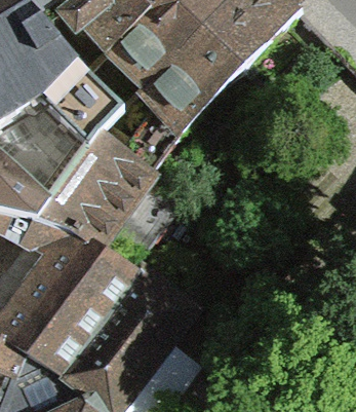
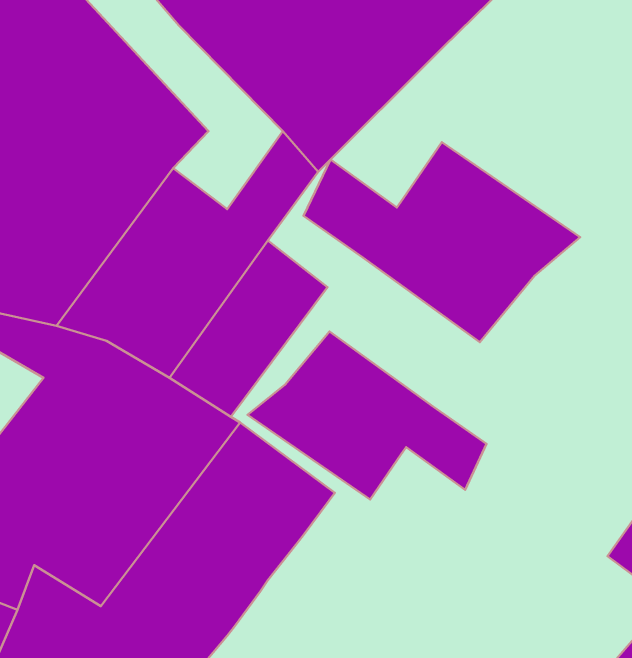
building: none -> [303,142,580,342]
building: none -> [247,332,486,500]

